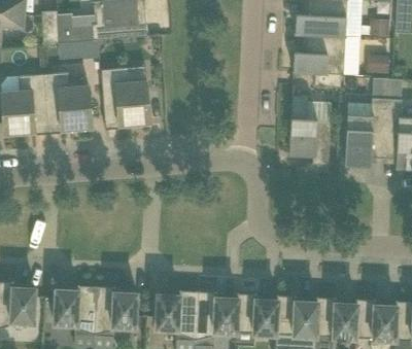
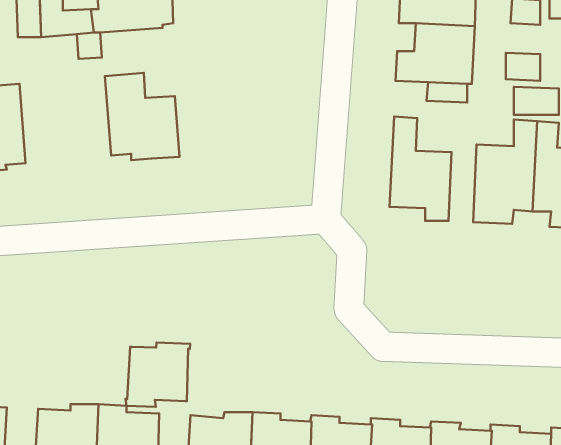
building: [44,72,93,130] -> none
building: none -> [126,342,190,407]

